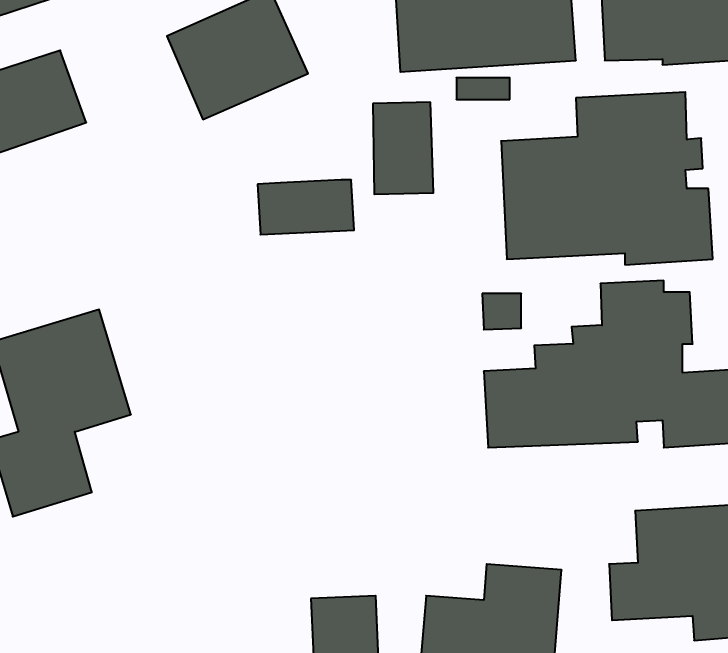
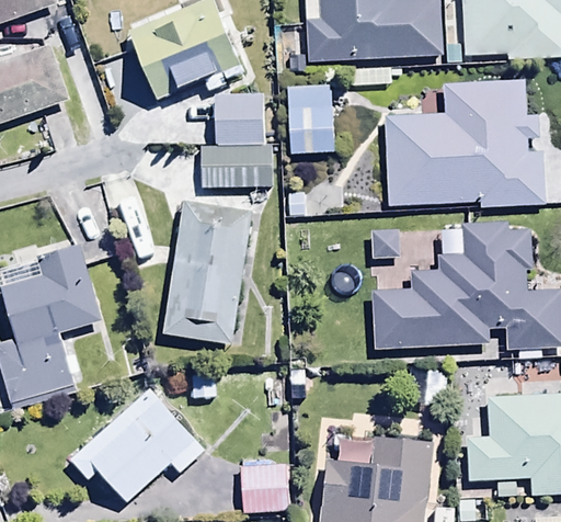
building: none -> [215,94,263,147]
building: none -> [163,198,251,345]
building: none -> [72,387,206,499]

